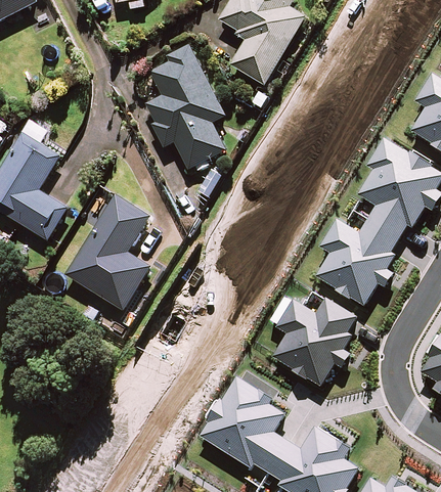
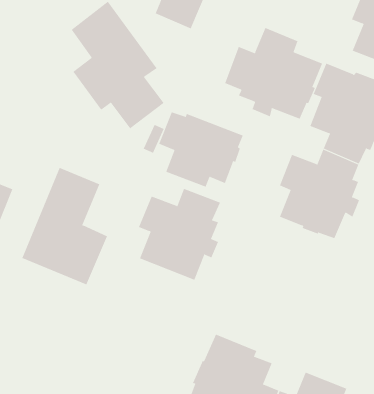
building: none -> [225,27,323,120]
building: none -> [159,111,244,188]
building: [271,297,357,386] -> [138,188,221,281]

